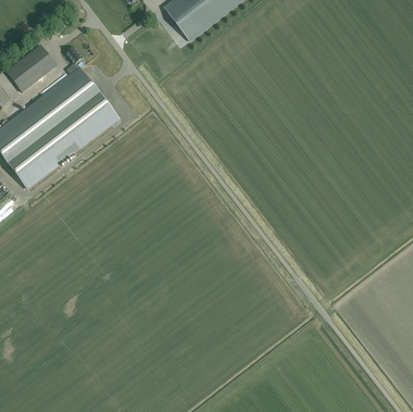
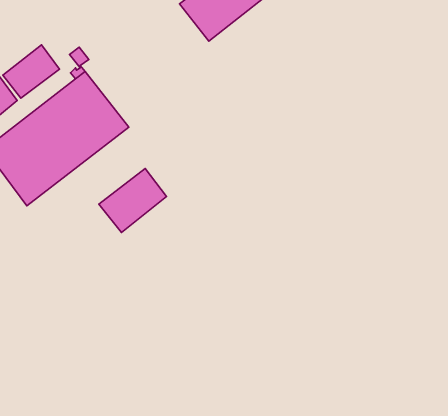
building: none -> [99,168,167,233]

